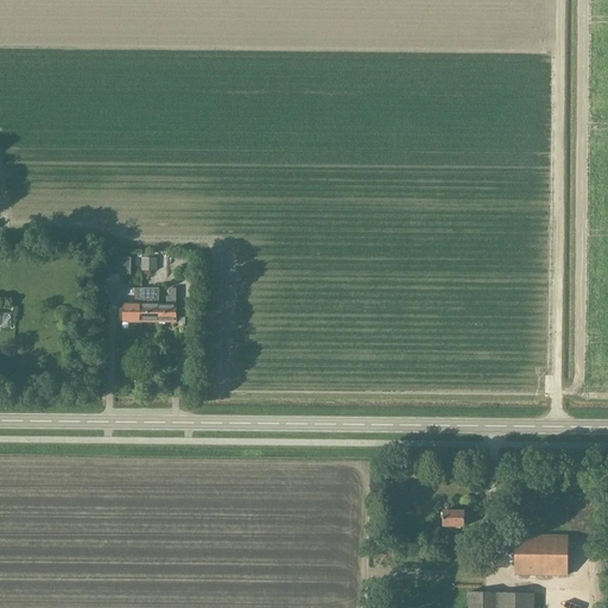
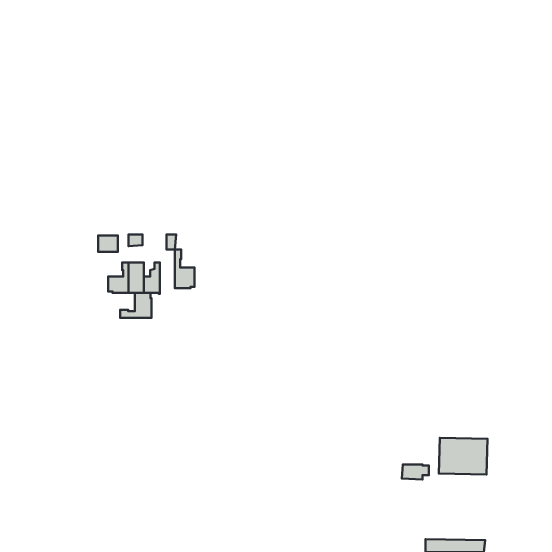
building: none -> [175,250,195,288]
building: none -> [120,293,152,318]
building: [514,536,568,576] -> [439,438,488,475]

